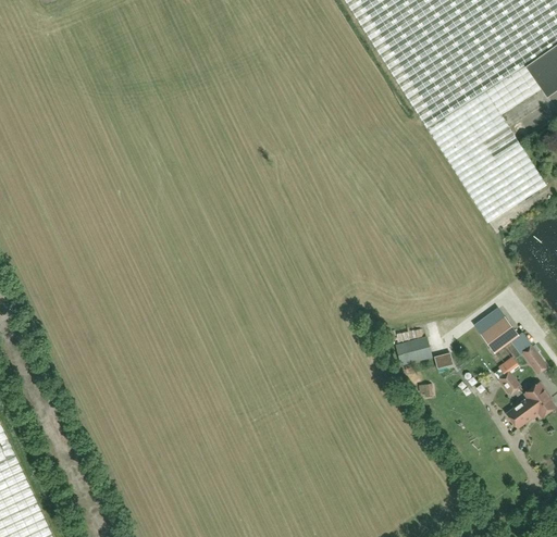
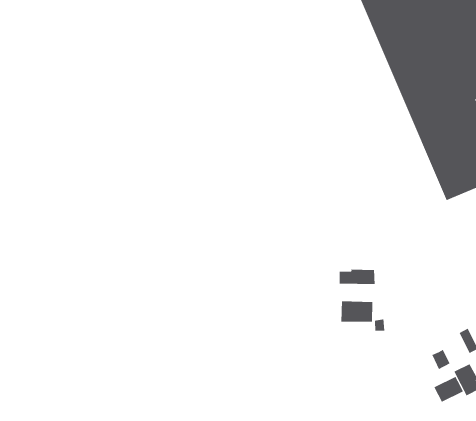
building: none -> [339,269,375,285]
building: [482,316,517,351] -> none

